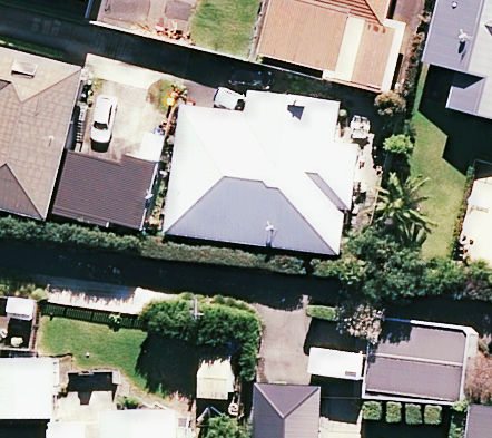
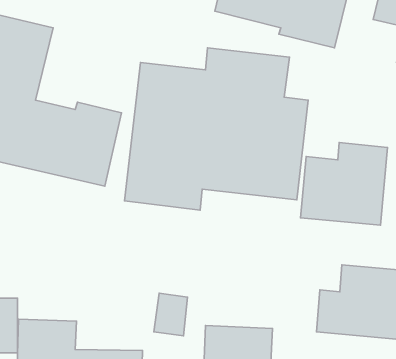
building: none -> [301,143,387,225]

